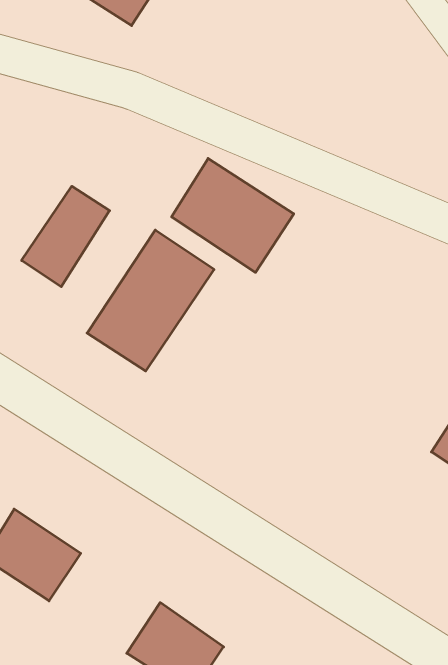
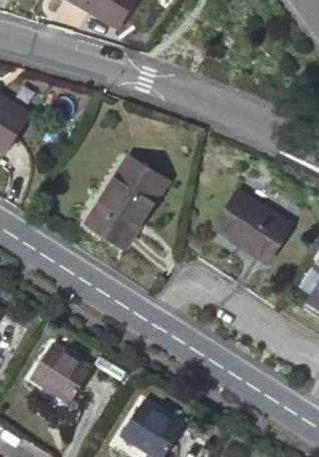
building: [172,158,294,272] -> [213,189,290,262]
building: [22,186,110,287] -> none

